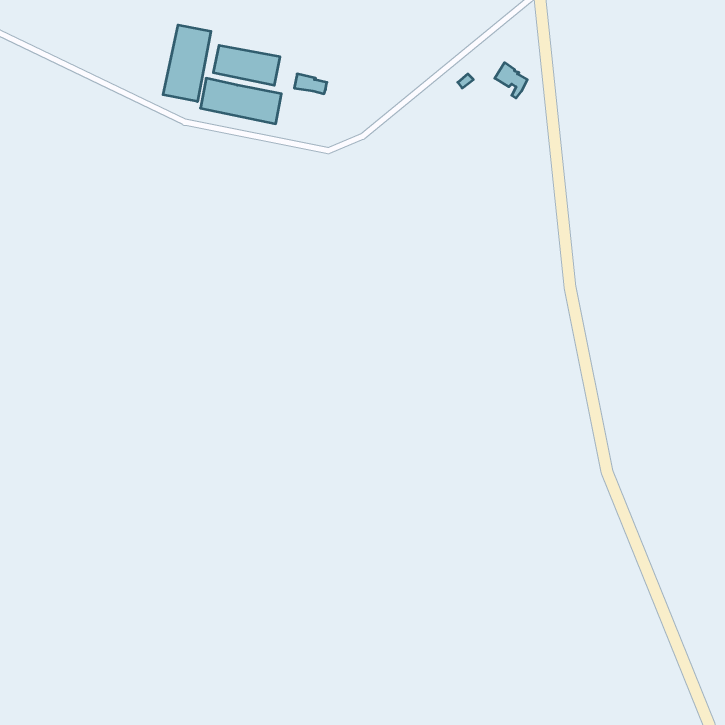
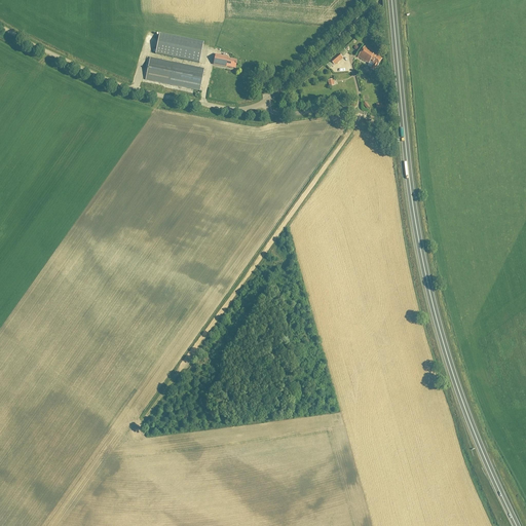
building: [163,25,211,102] -> none

